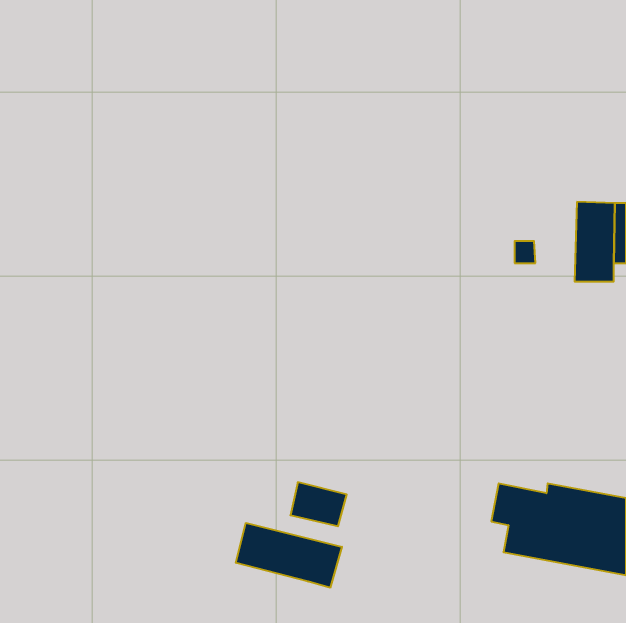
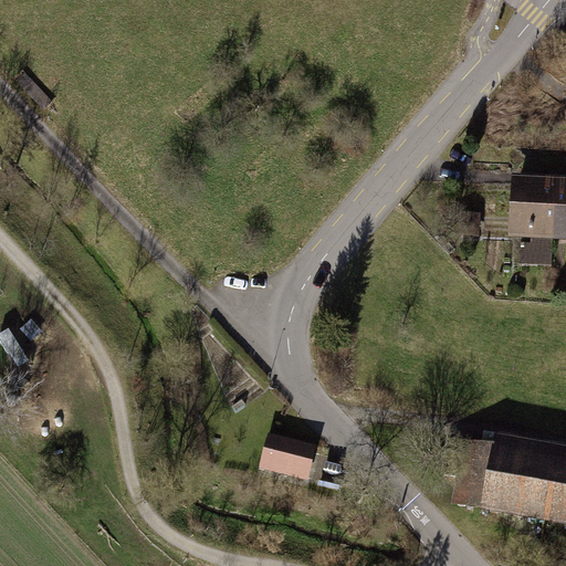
building: [236,523,342,588] -> none

